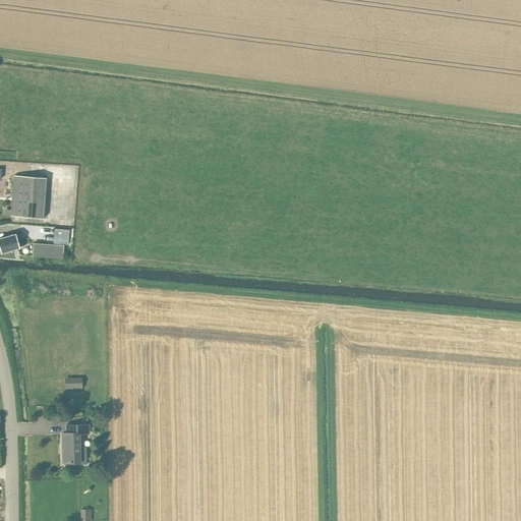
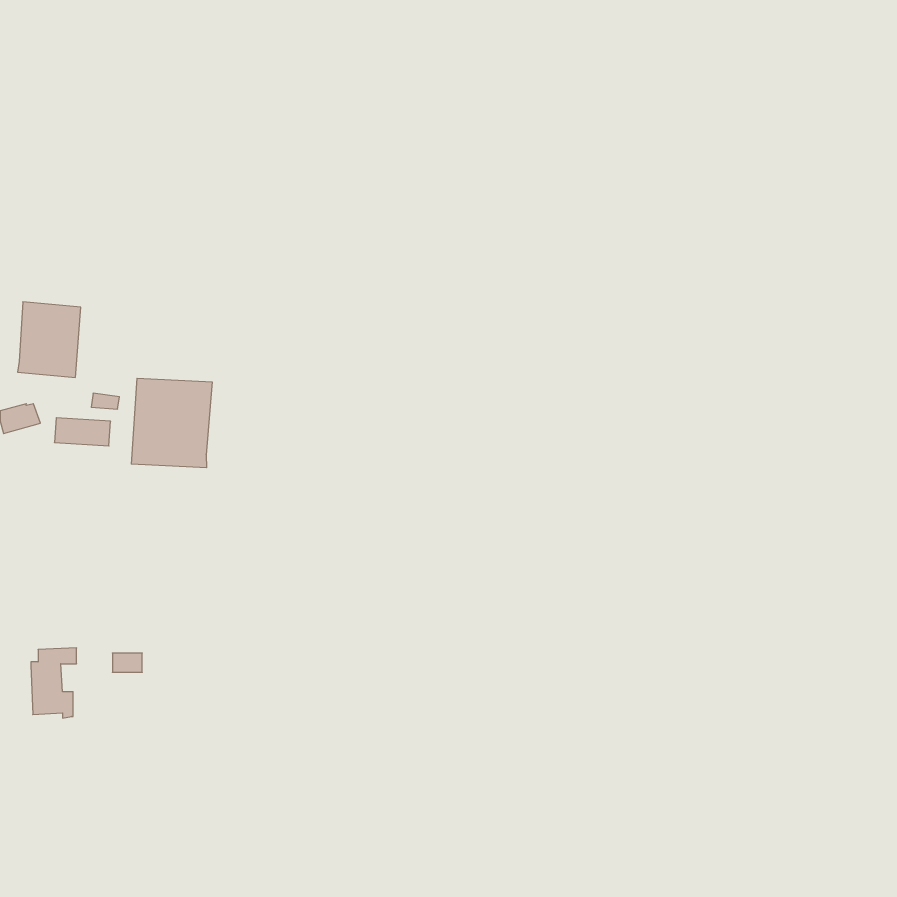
building: none -> [131,378,212,468]
building: [62,424,89,465] -> [31,648,77,718]

